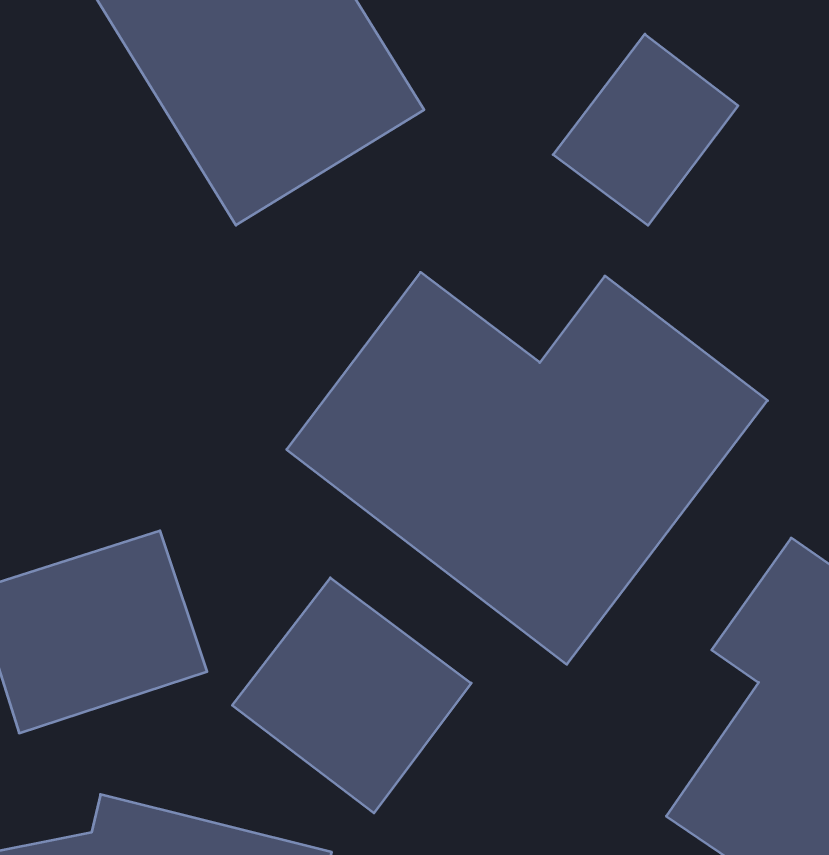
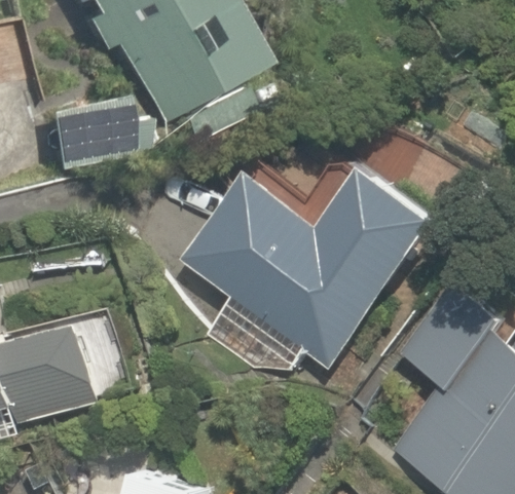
building: [553,34,738,225] -> none
building: [232,578,471,813] -> none

